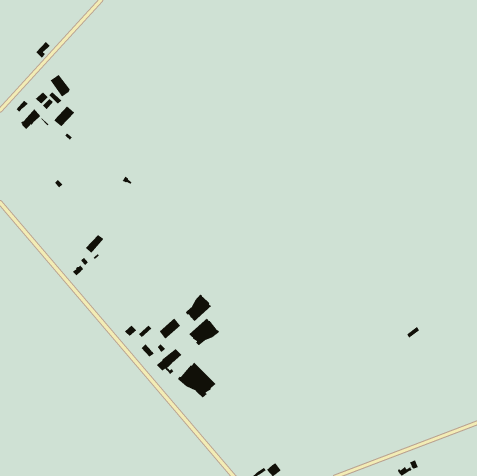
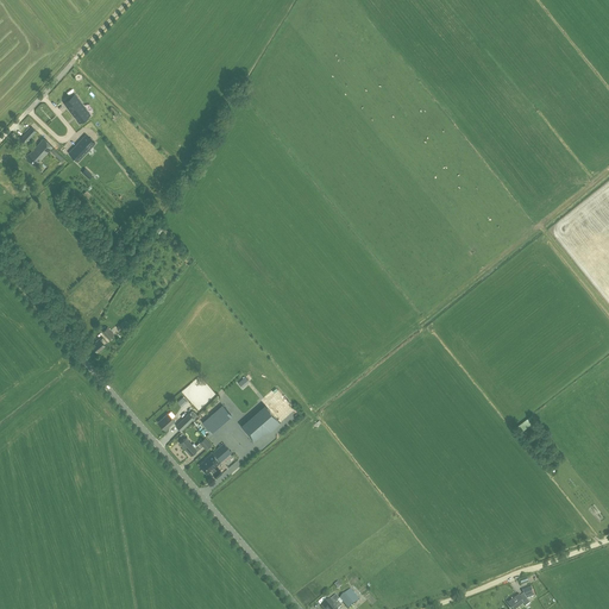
building: [185,294,212,322] -> none
building: [177,362,216,399] -> none

